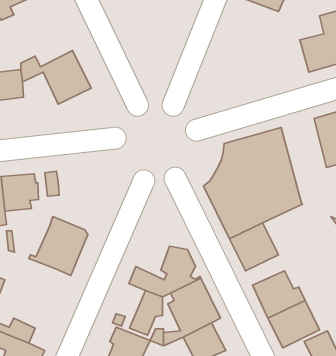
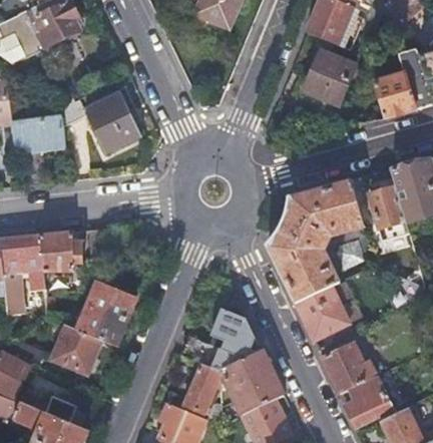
building: none -> [294,52,355,107]
building: none -> [367,177,408,246]
building: none -> [49,325,100,374]

